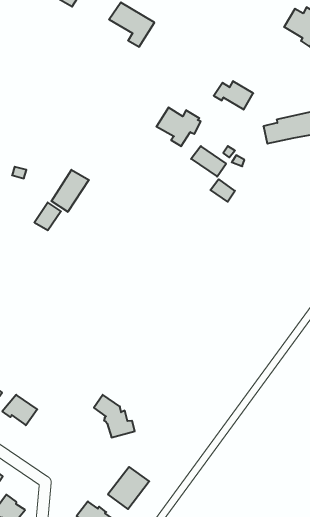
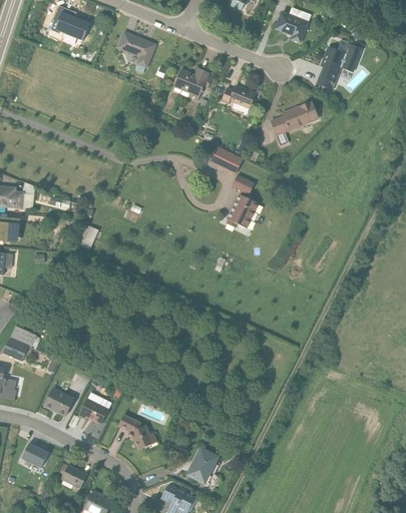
building: [156,107,201,146] -> [172,67,212,100]
building: [51,170,89,212] -> none
building: none -> [227,194,258,227]
building: [94,395,135,437] -> [117,413,157,450]

